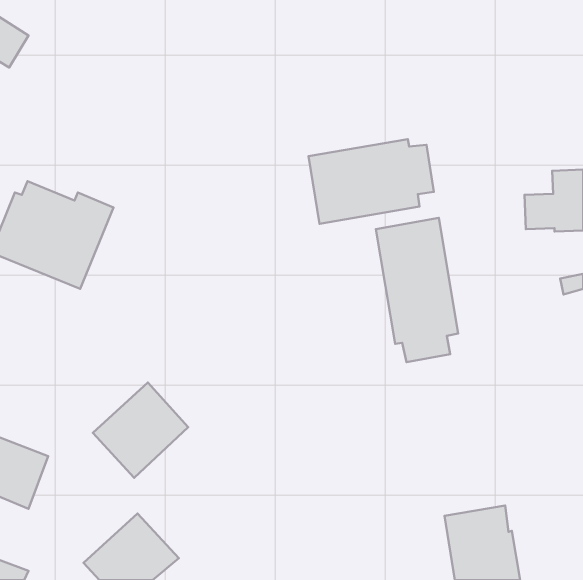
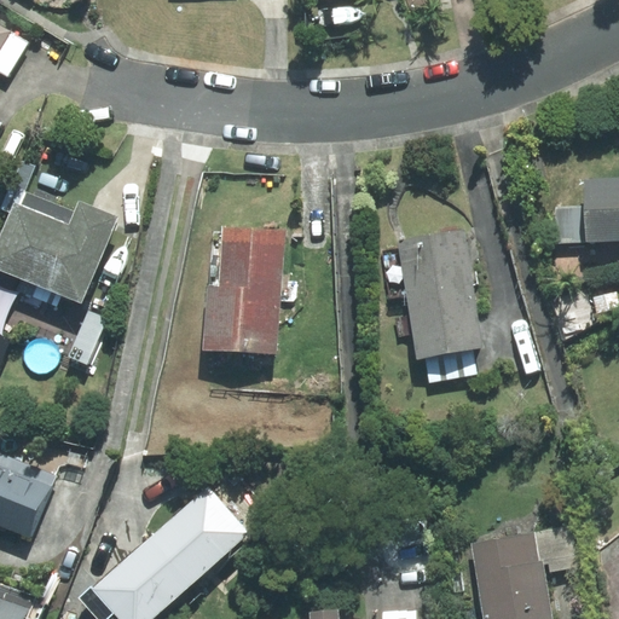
building: [309,139,434,224] -> none
building: none -> [201,226,284,358]
building: [93,383,188,478] -> [145,488,245,589]

